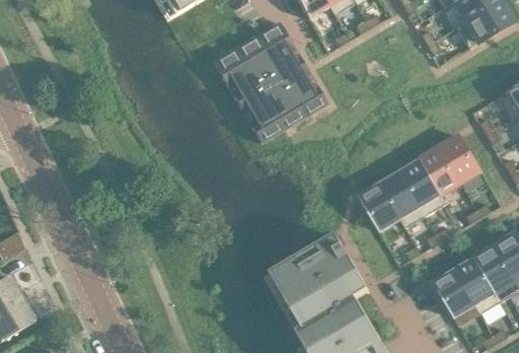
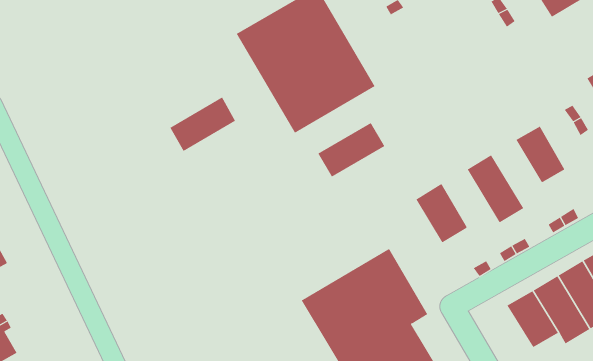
building: none -> [157,97,236,152]
building: none -> [318,122,385,178]
building: [420,146,460,202] -> none
building: [379,170,426,226] -> none

